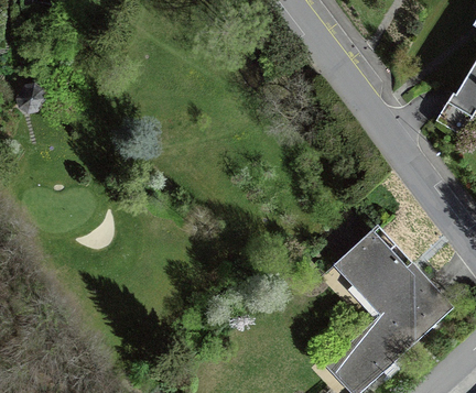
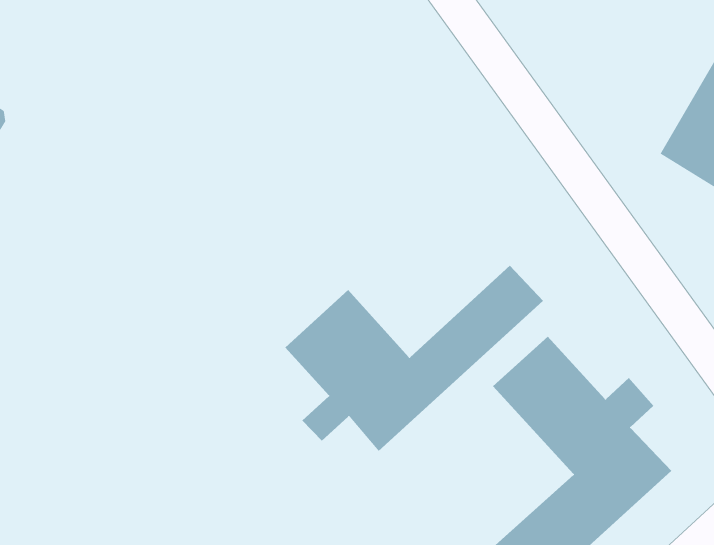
building: none -> [285,265,544,452]

